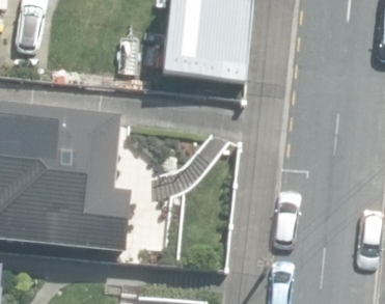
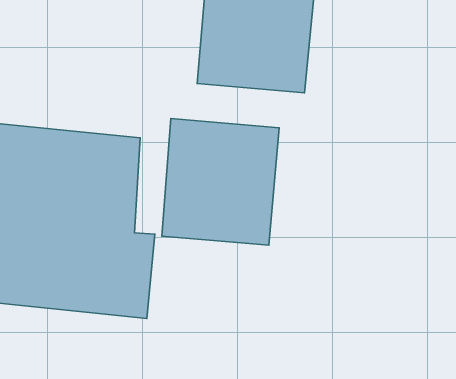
building: none -> [162,118,279,245]

